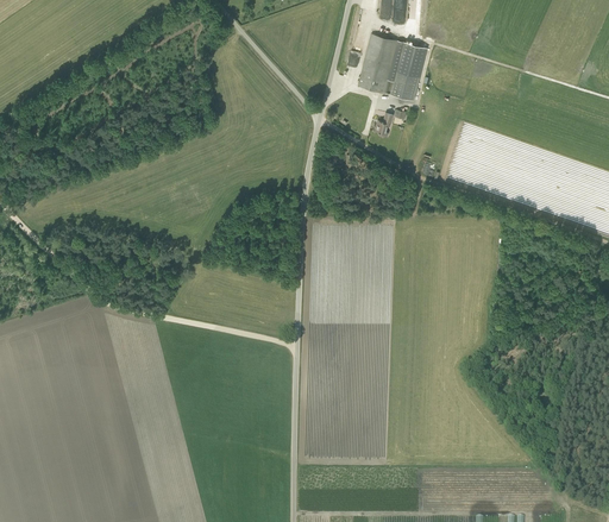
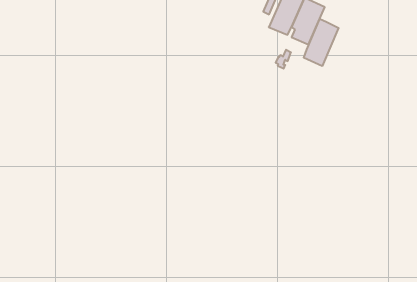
building: none -> [304,19,339,66]

